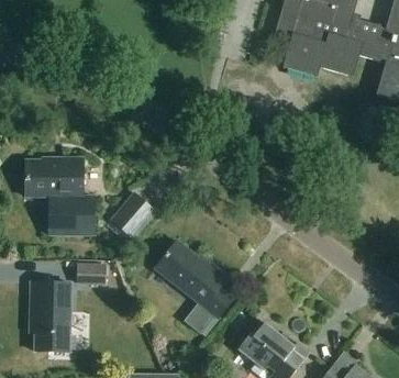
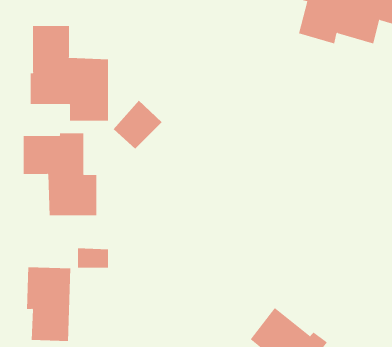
building: none -> [30,25,109,122]
building: [109,190,155,236] -> [113,100,162,149]
building: [156,240,240,332] -> none

